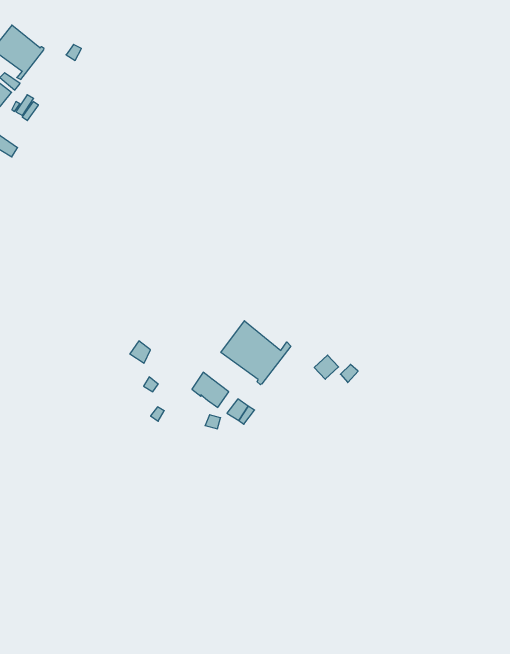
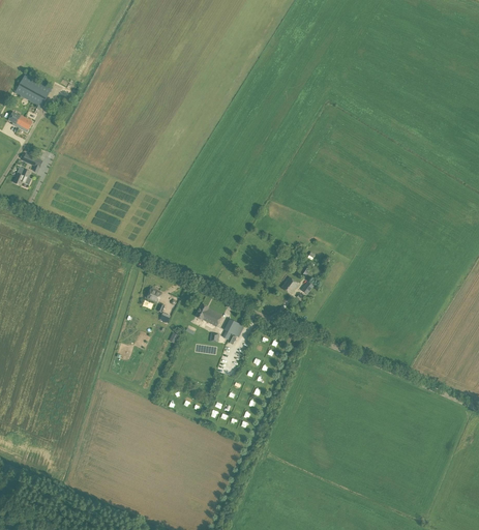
building: [221,321,291,385] -> none

